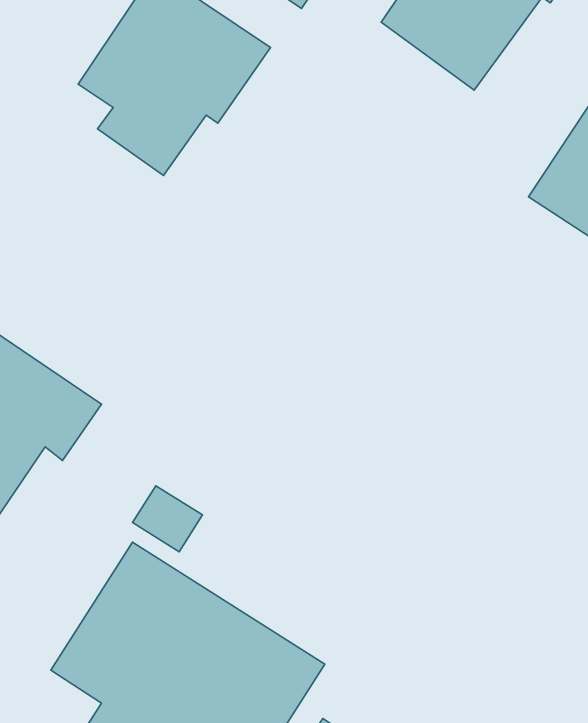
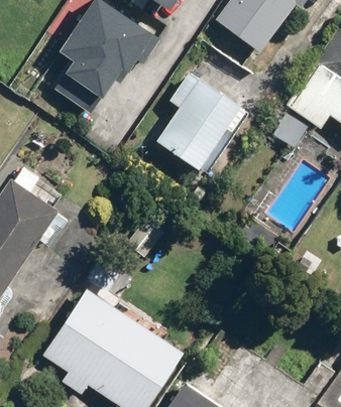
building: none -> [156,70,247,167]

